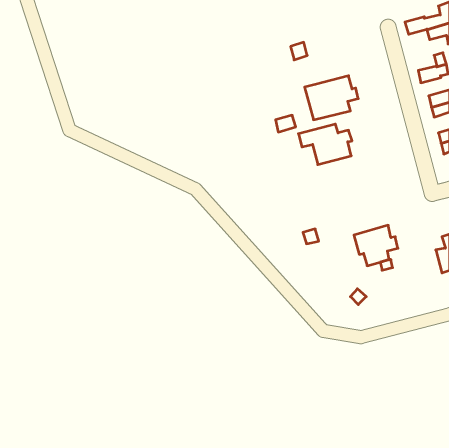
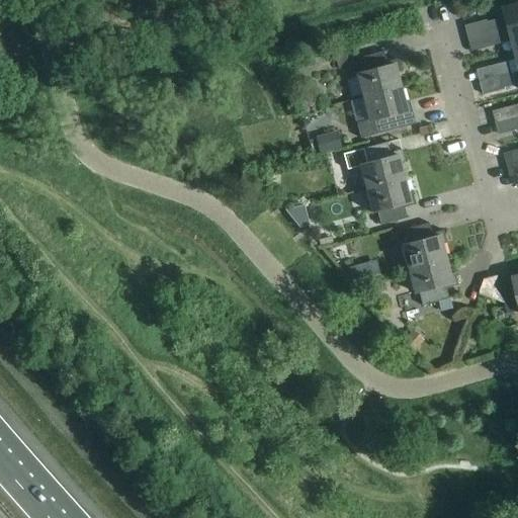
building: none -> [347,52,402,97]
building: none -> [366,179,417,225]
building: none -> [402,223,447,270]

